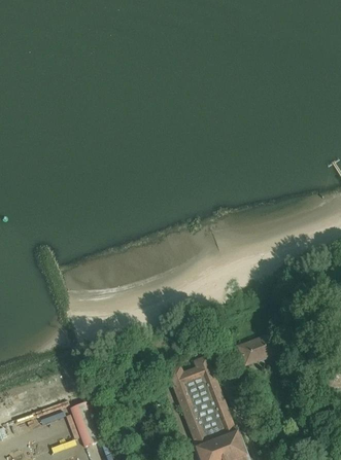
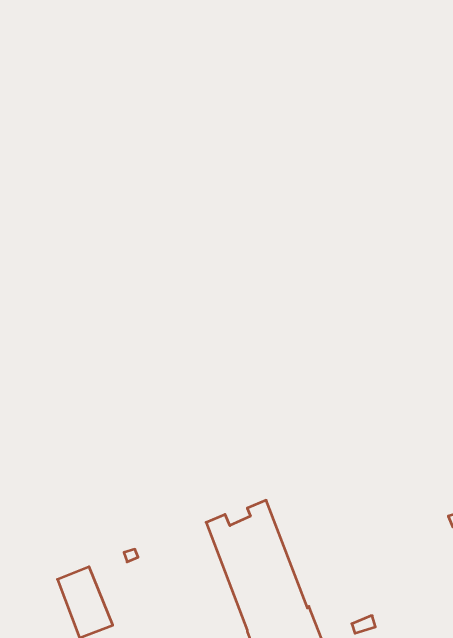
building: [236,332,278,365] -> none

